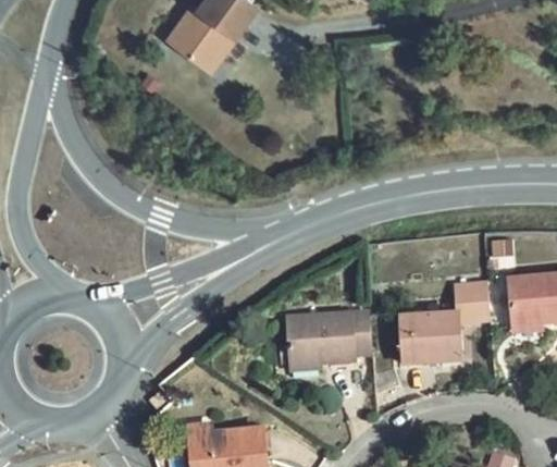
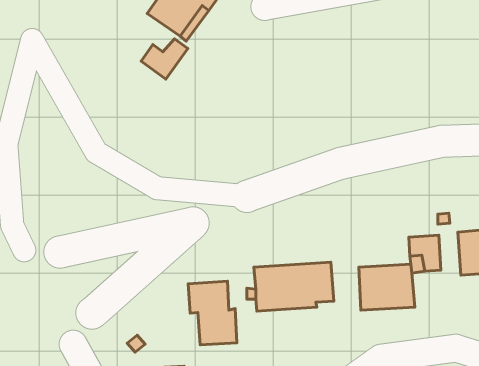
building: none -> [141,39,188,79]
building: none -> [188,281,237,345]

